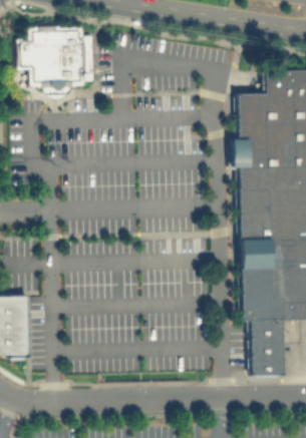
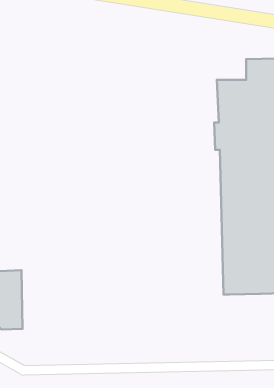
building: [16,26,93,98] -> none
building: [247,320,281,375] -> none

